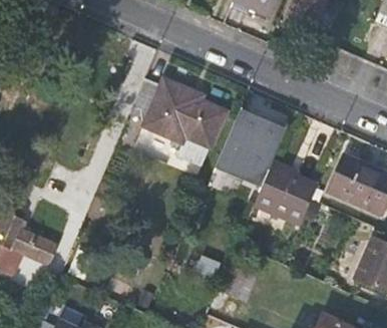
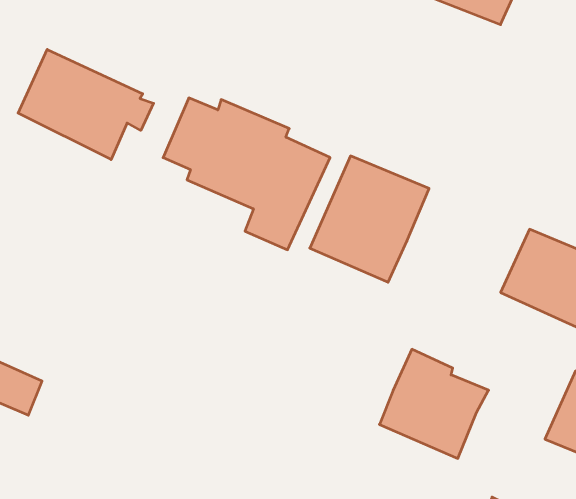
building: none -> [18,49,154,160]
building: [253,161,317,226] -> [379,349,489,458]

